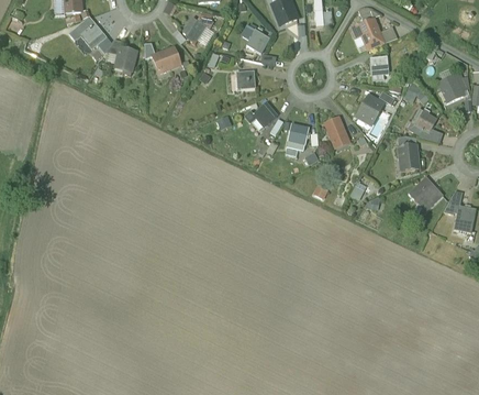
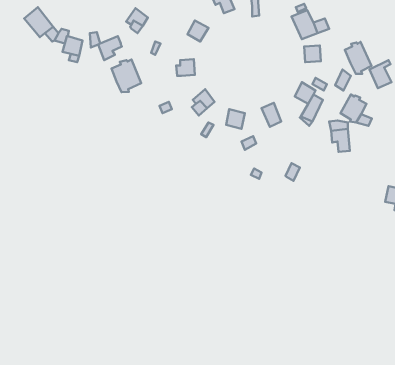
building: none -> [345,42,372,74]
building: none -> [112,60,141,92]
building: [408,176,442,210] -> none

